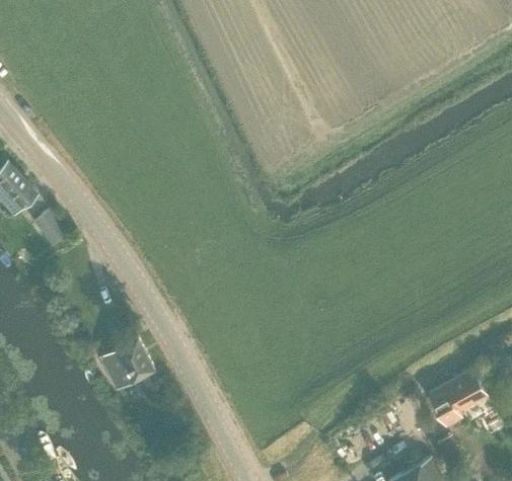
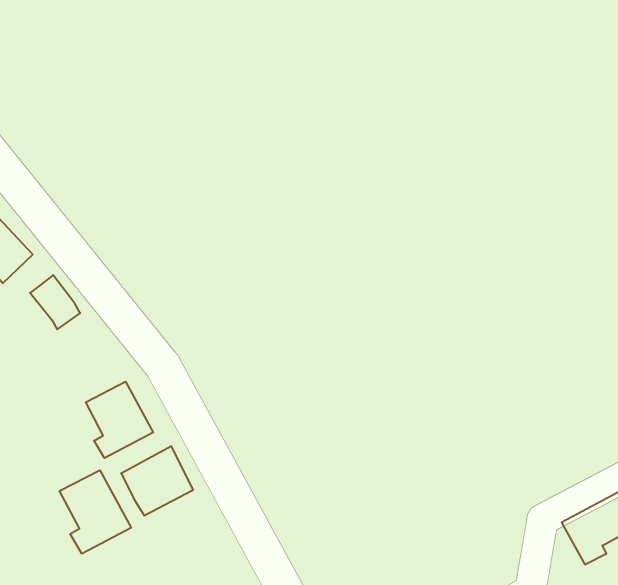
building: none -> [86,382,153,458]
building: none -> [60,470,131,554]

